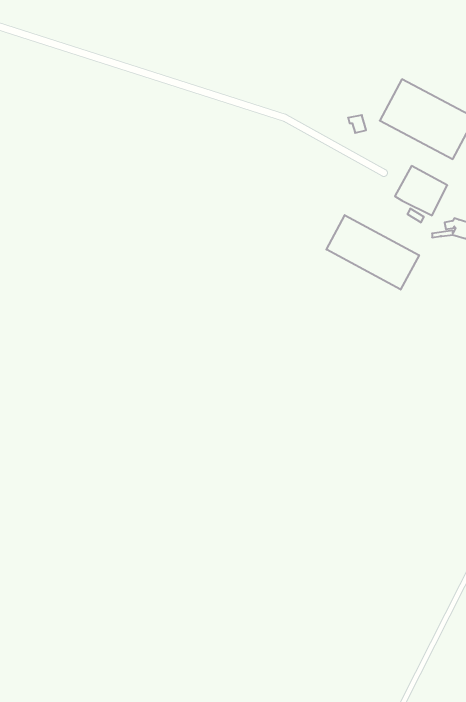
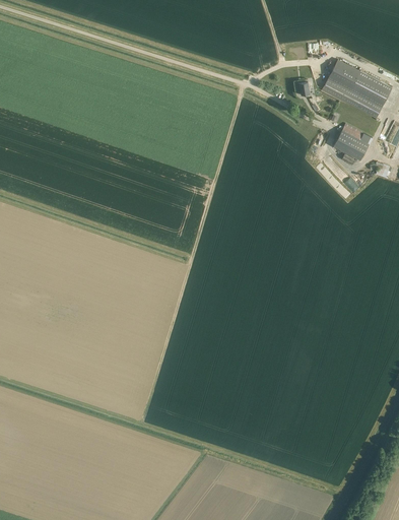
building: [326,215,419,290] -> none

